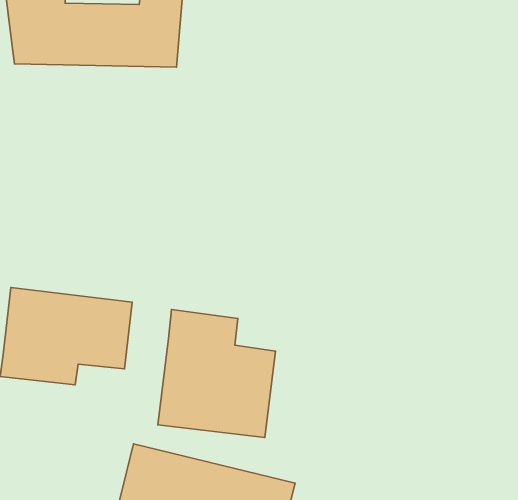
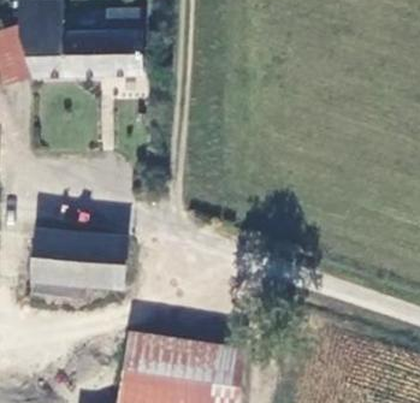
building: [158,309,276,438] -> none

